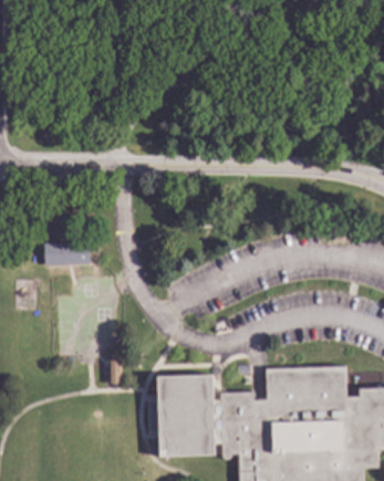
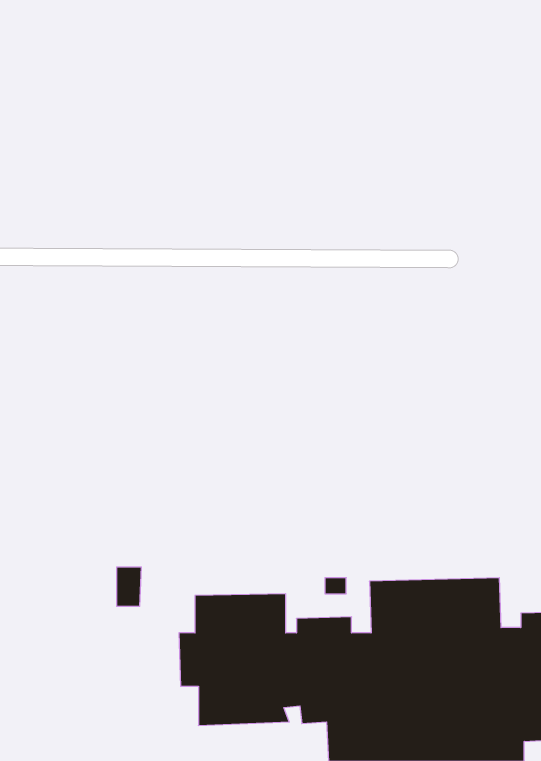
building: [44,241,90,264] -> none

